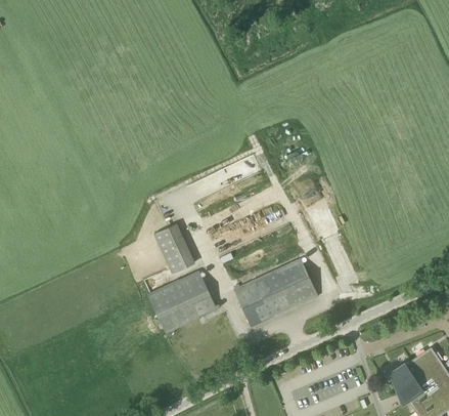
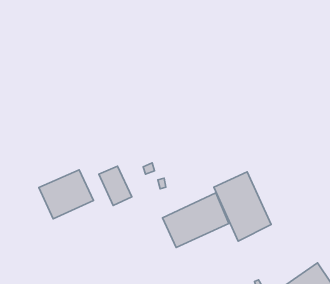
building: none -> [214,172,271,241]
building: [147,271,217,333] -> [39,170,94,219]

